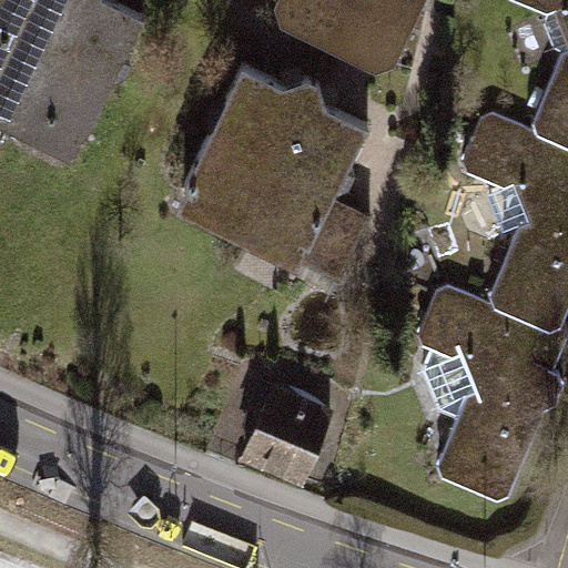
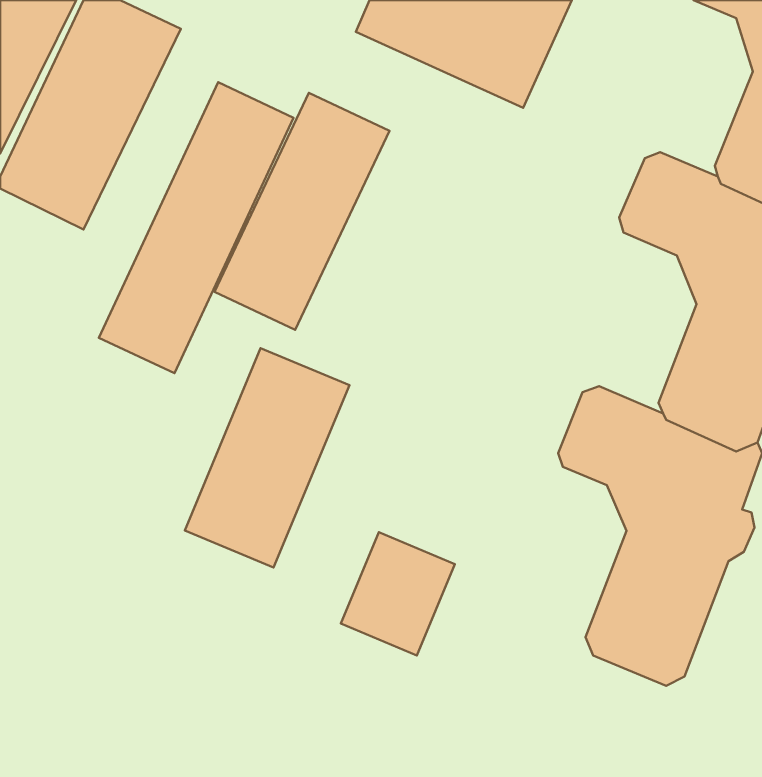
building: none -> [99,82,294,373]
building: [233,97,367,274] -> none
building: none -> [185,348,349,568]

